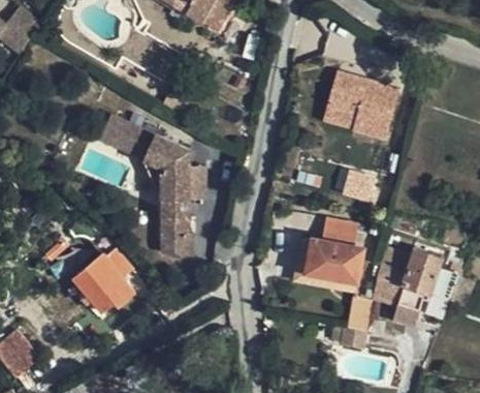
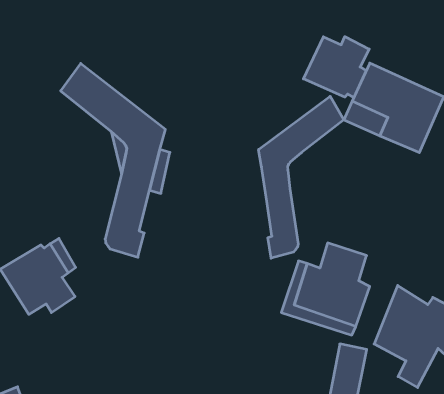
building: none -> [303,37,369,97]
building: none -> [259,96,344,258]
building: [342,171,378,203] -> none

